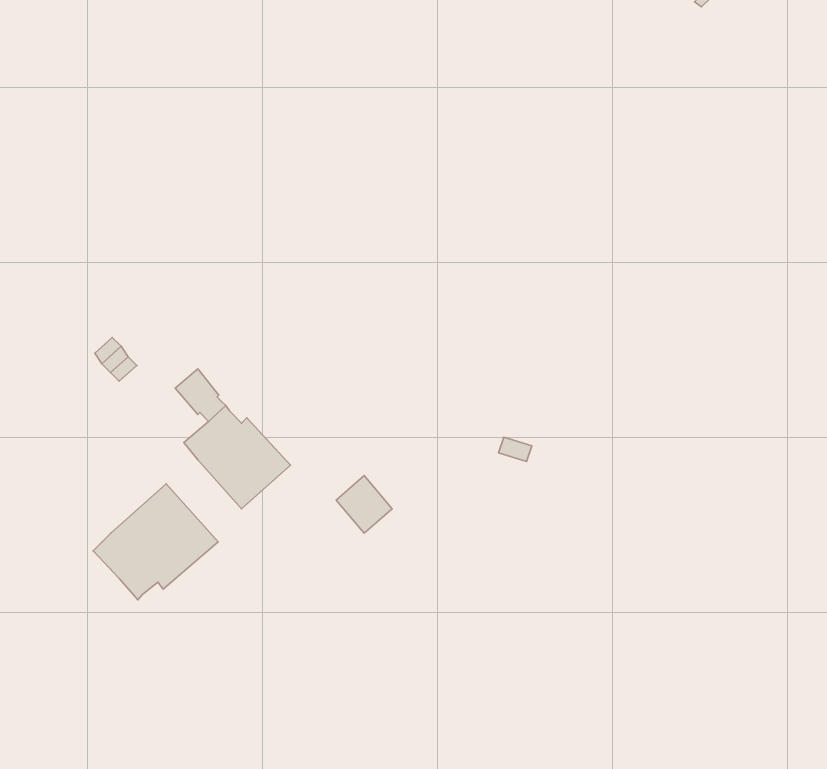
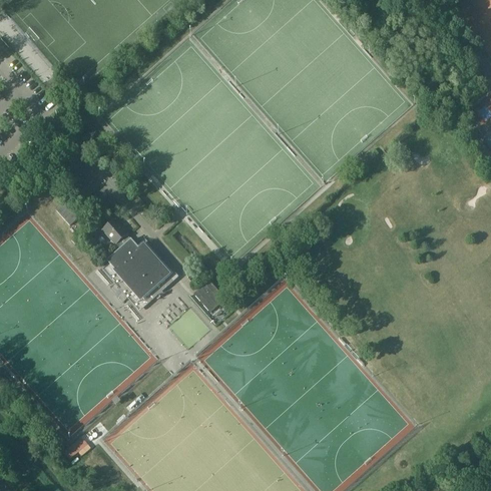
building: [93,484,218,600] -> none

